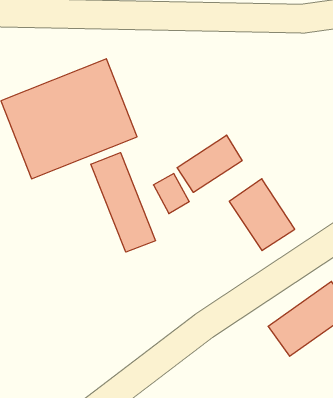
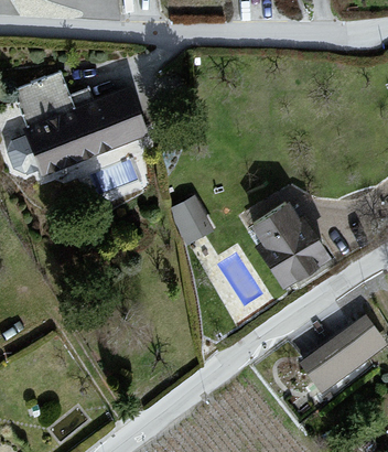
building: [177,135,242,192] -> none
building: [91,153,156,252] -> none

